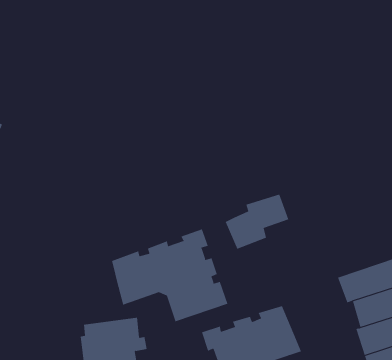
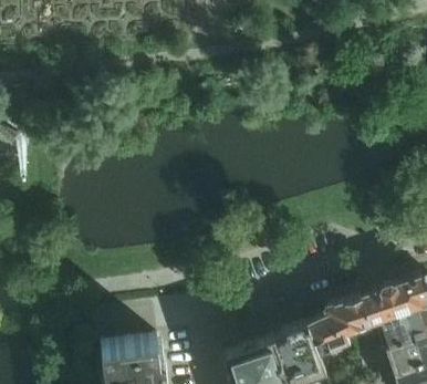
building: [225,194,289,250] -> [309,295,375,353]
building: [111,228,228,322] -> none

